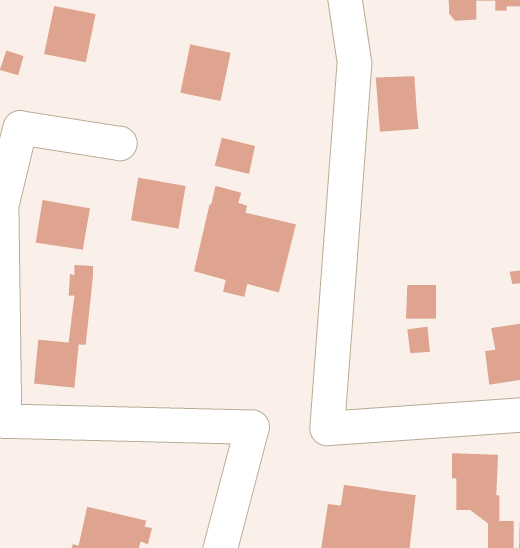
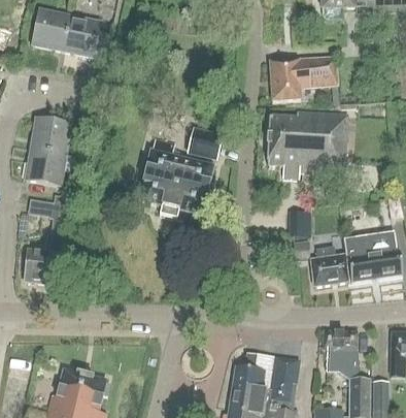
building: [180,44,231,102] -> [63,14,100,56]
building: none -> [298,57,337,87]
building: [214,137,256,175] -> [190,130,219,157]
building: none -> [267,110,347,178]
building: [130,177,186,229] -> [31,117,71,154]
building: none -> [310,246,347,285]

